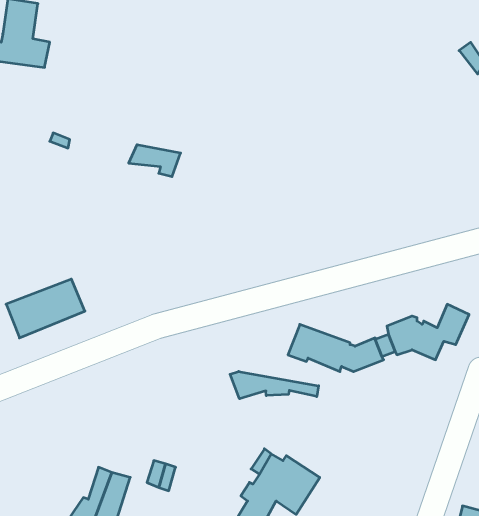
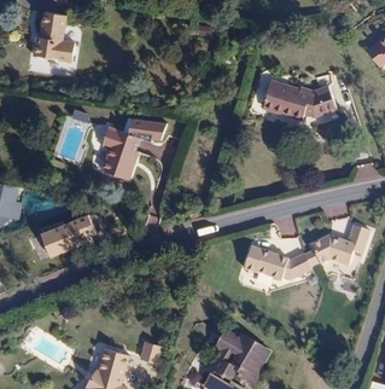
building: none -> [261,74,336,116]
building: none -> [101,126,141,179]
building: [230,371,319,399] -> none

